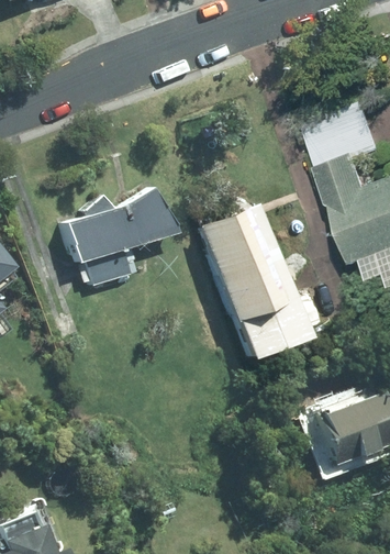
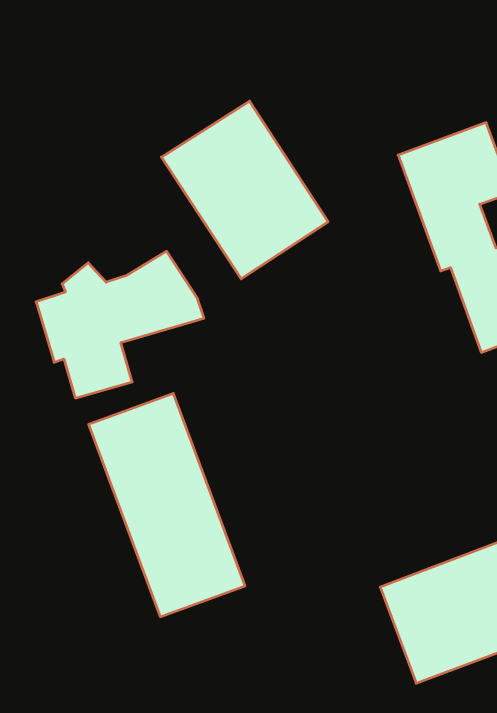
building: none -> [161,101,328,279]
building: [198,207,303,357] -> [89,393,245,617]

